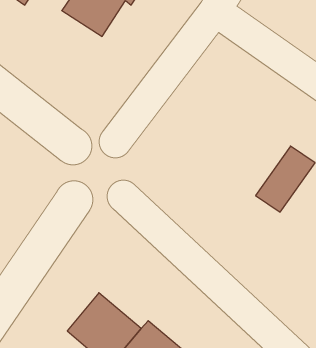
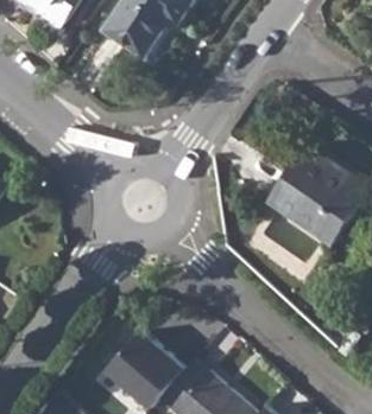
building: none -> [270,148,343,227]

